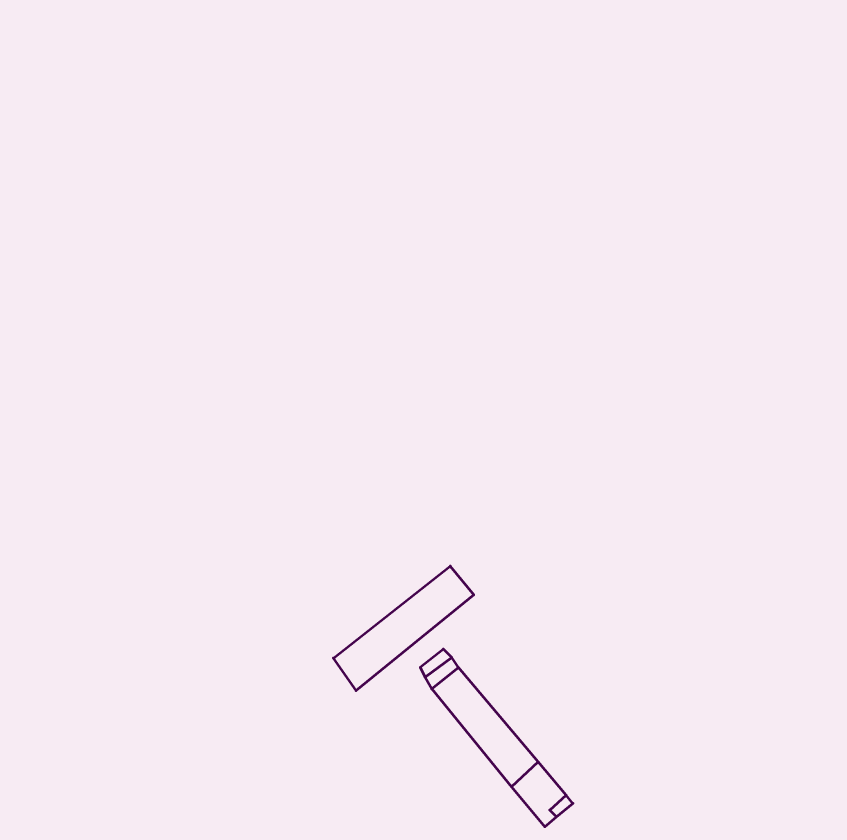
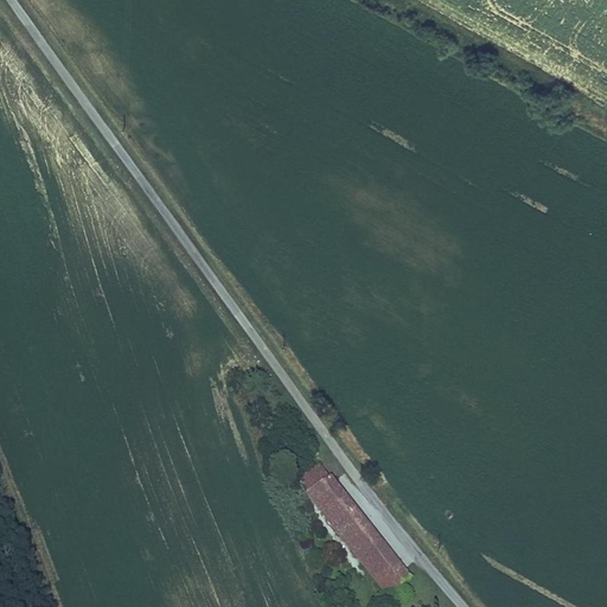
building: [333,566,474,691] -> none

